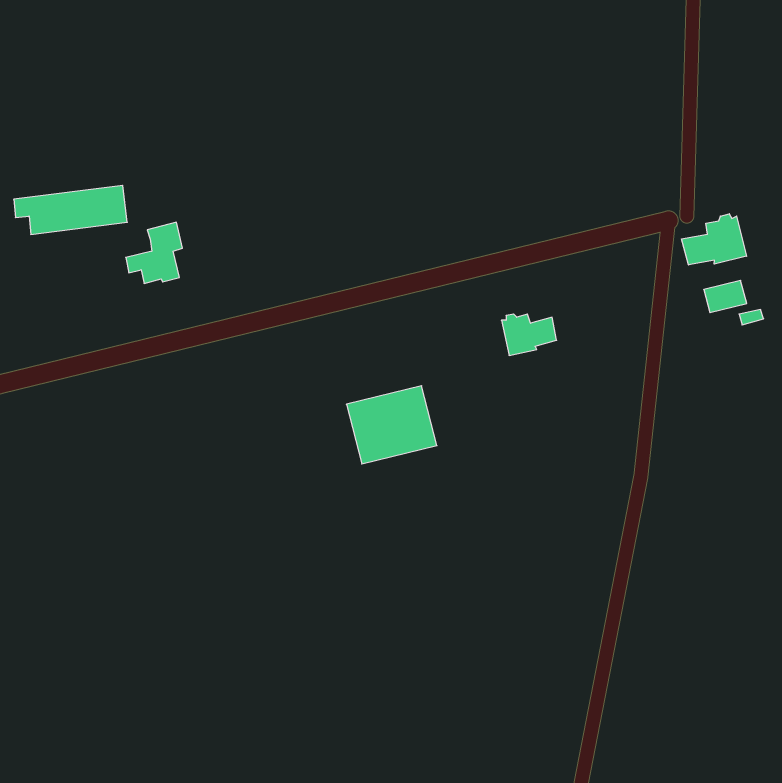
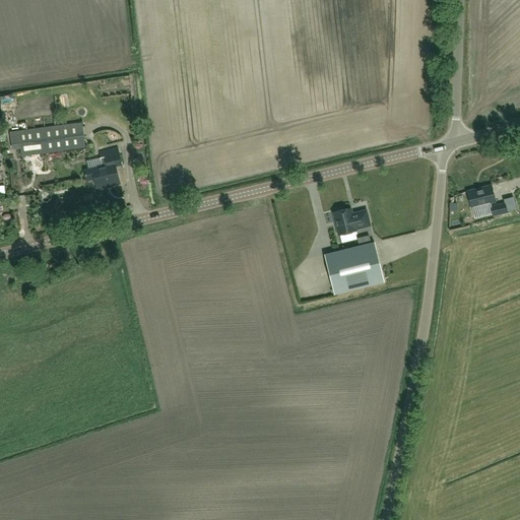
building: [682,214,747,265] -> none
building: [346,386,437,464] -> [323,243,383,295]

